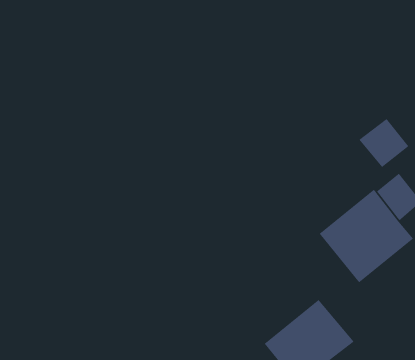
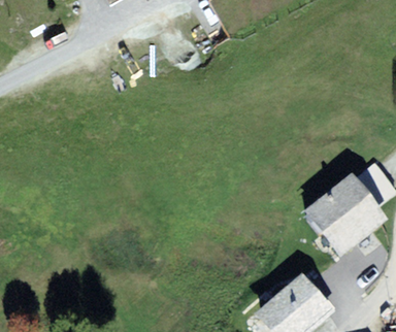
building: [358,118,409,168] -> none

